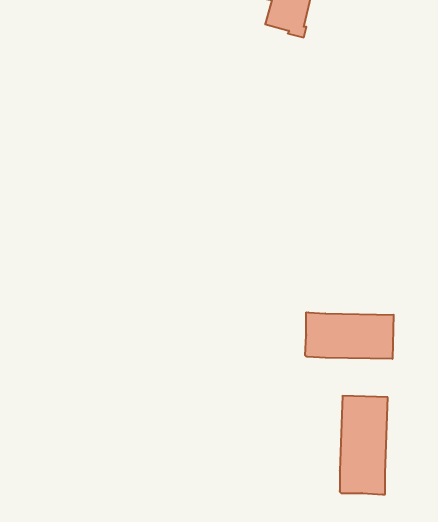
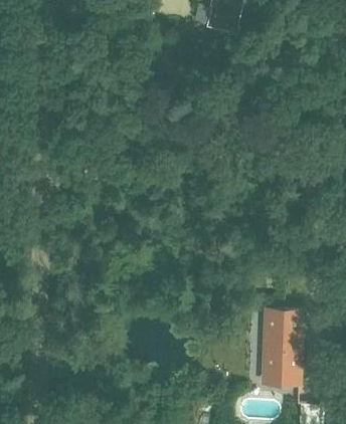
building: [305,312,394,359] -> none

